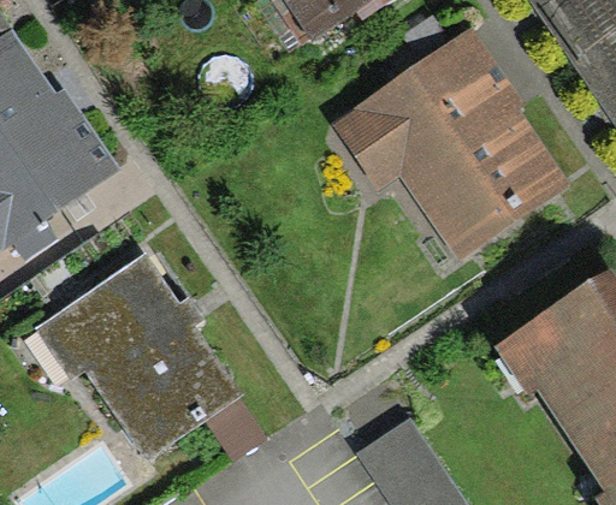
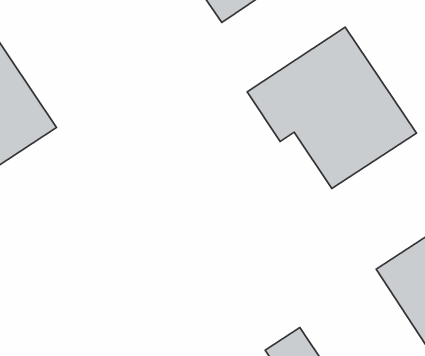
building: [40,261,227,446] -> none

